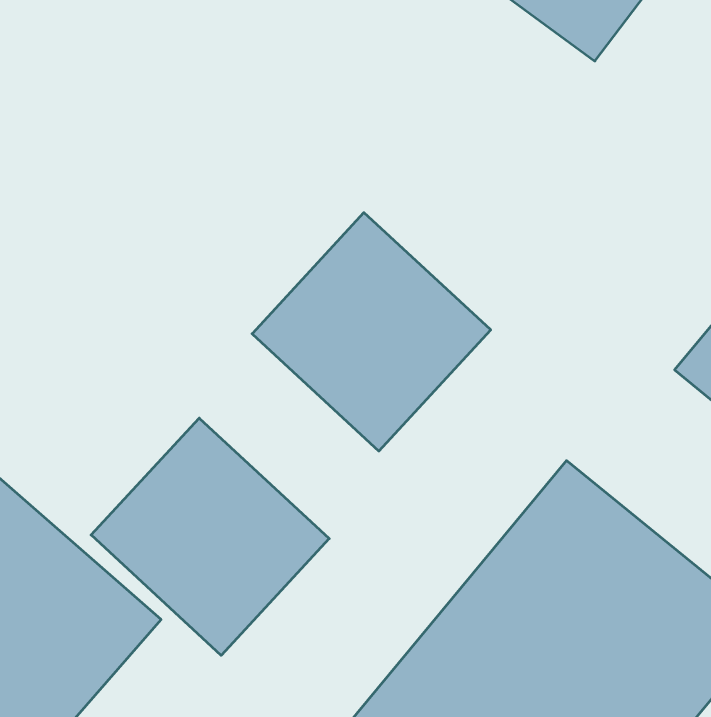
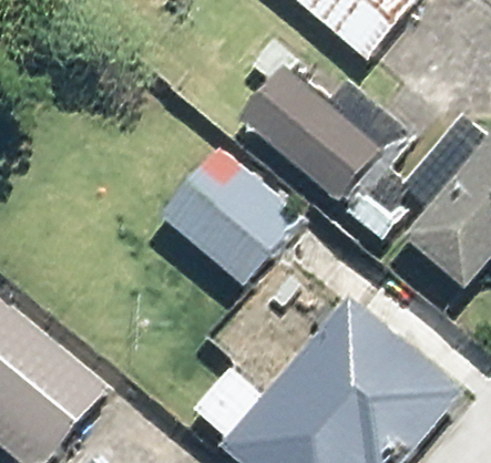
building: none -> [243,63,388,196]
building: [91,418,329,655] -> none

